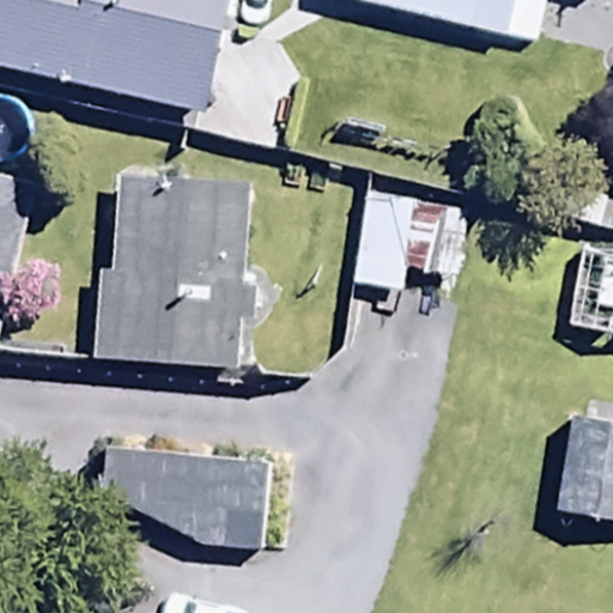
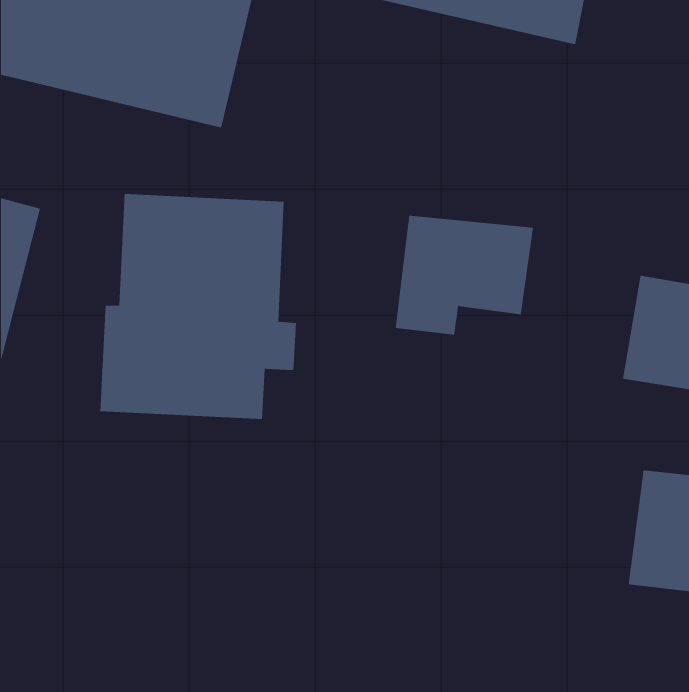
building: [105,439,272,547] -> none

